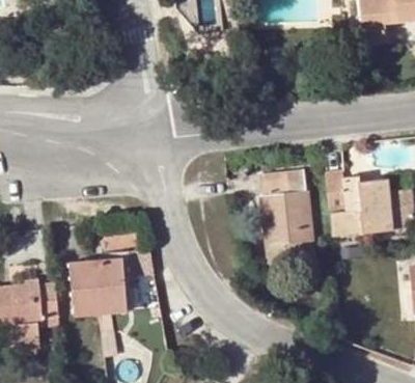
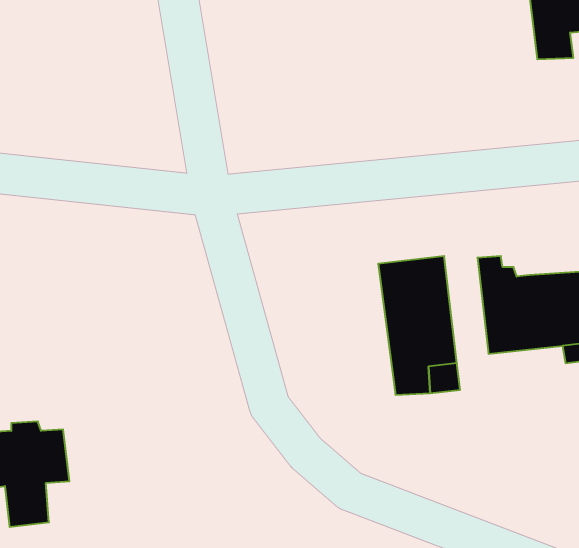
building: [71,257,124,314] -> none

